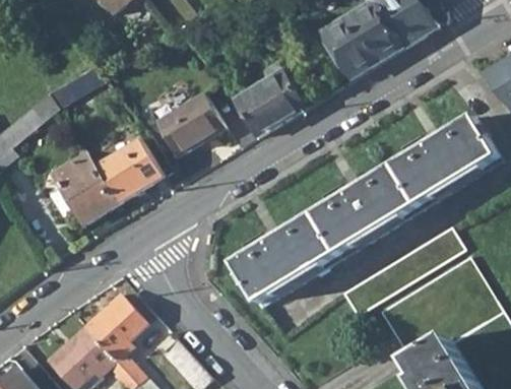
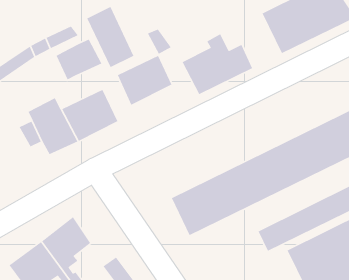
building: none -> [86,6,134,68]
building: none -> [56,39,102,80]

